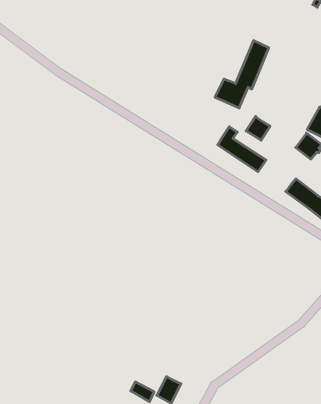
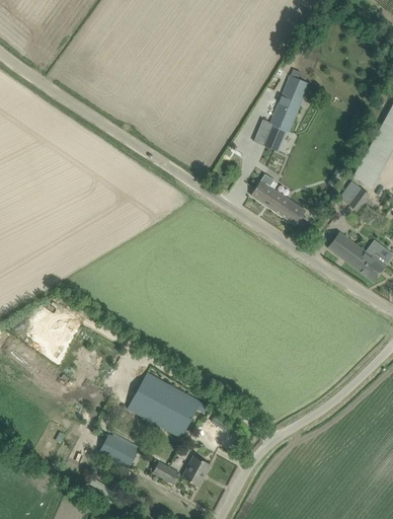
building: [246,116,270,140] -> none
building: none -> [128,371,207,436]
building: none -> [99,434,138,467]

